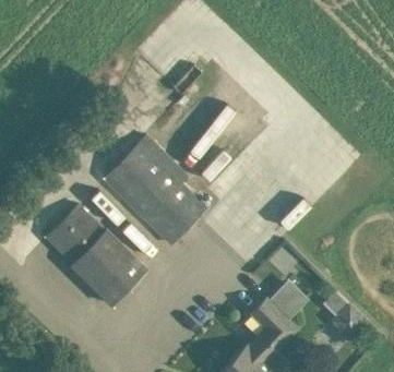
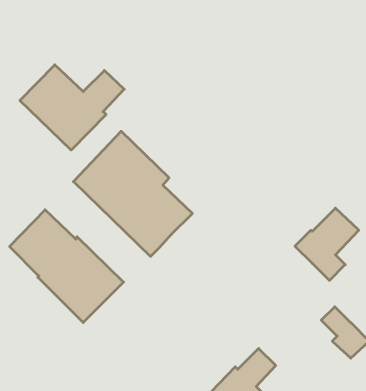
building: none -> [20,65,124,150]
building: [252,278,309,343] -> [295,208,359,280]

